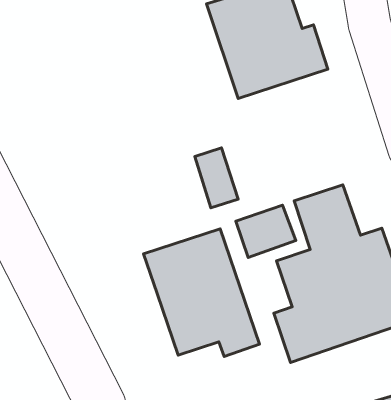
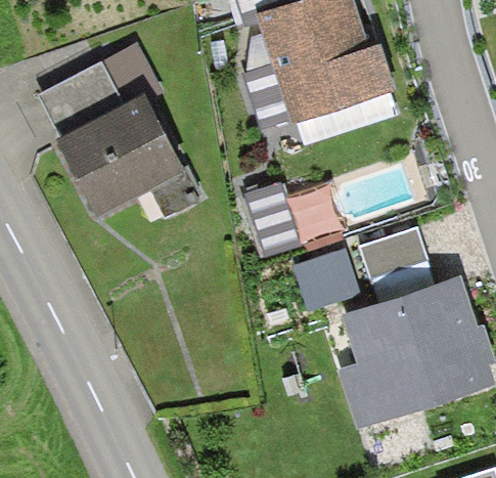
building: none -> [37,37,186,217]
building: [143,229,260,356] -> none

